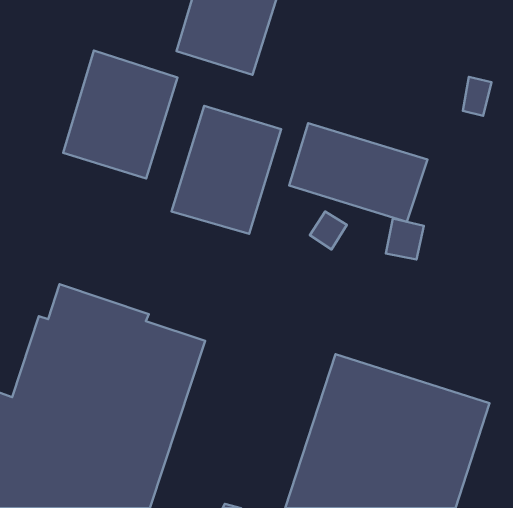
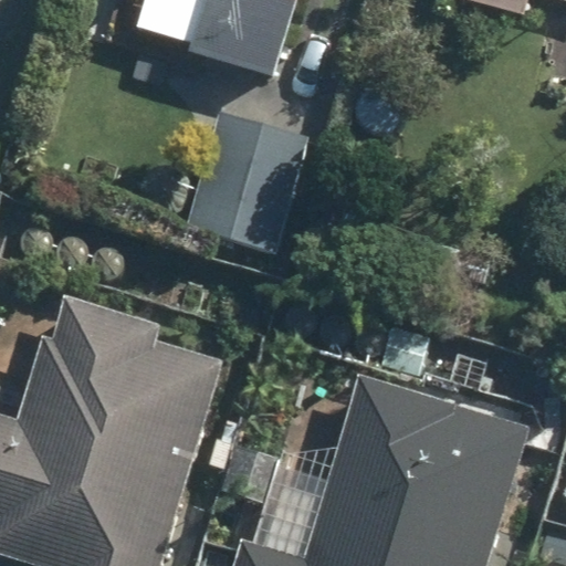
building: [63,50,178,178] -> none
building: [289,123,428,222] -> none

